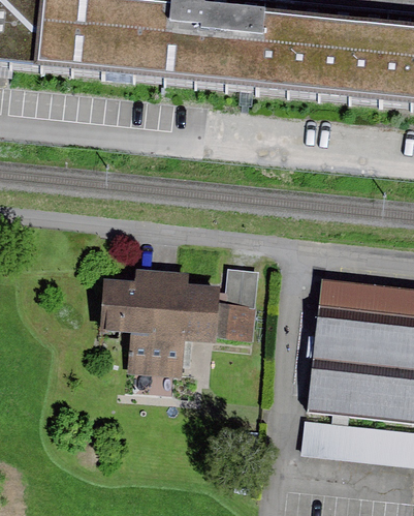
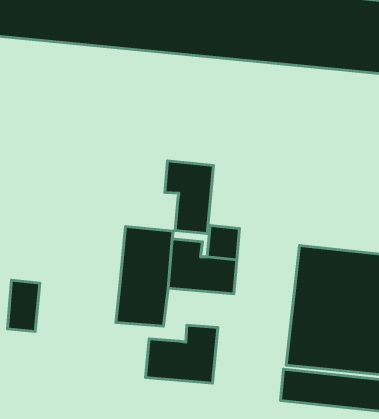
building: none -> [165,161,213,234]
building: [100,273,135,329] -> [8,280,40,332]
building: none -> [146,325,218,383]

